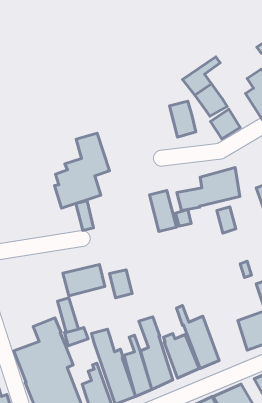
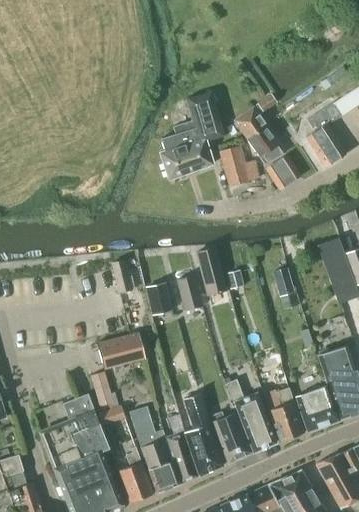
building: [54,133,110,208] -> [161,93,224,179]
building: [177,167,240,211] -> none
building: none -> [177,276,203,310]
building: [109,270,132,298] -> [146,283,172,315]
building: none -> [269,388,304,441]

